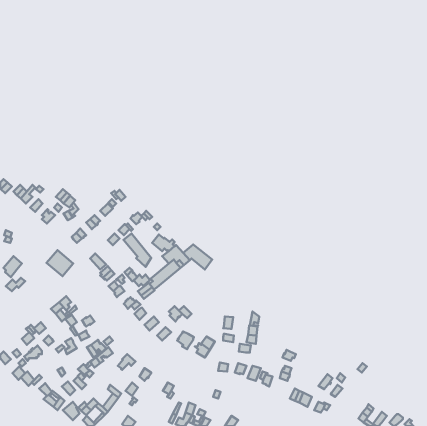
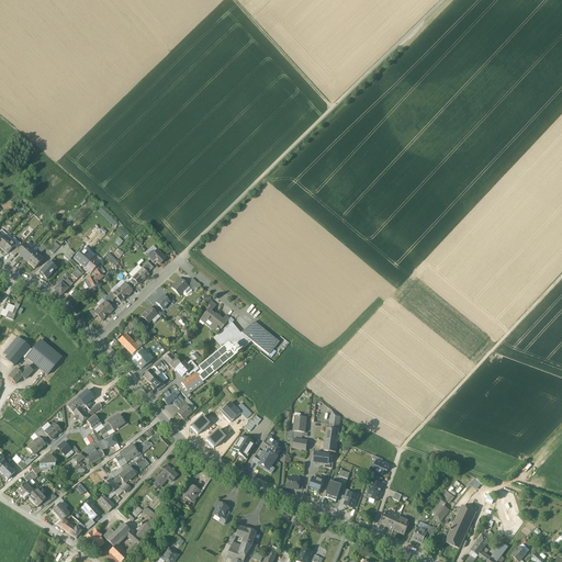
building: [123,234,151,267] -> none
building: [47,250,73,276] -> [26,339,61,373]
building: none -> [445,505,476,548]

